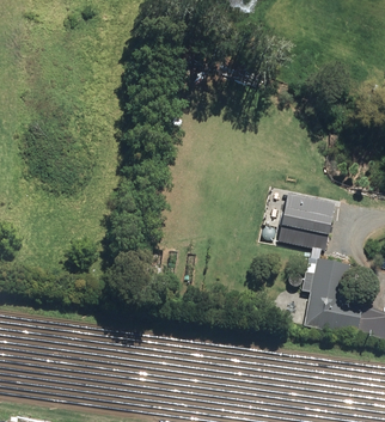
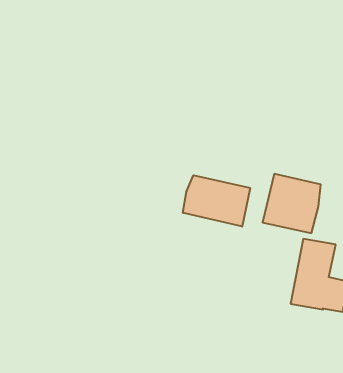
building: none -> [183,175,250,227]

